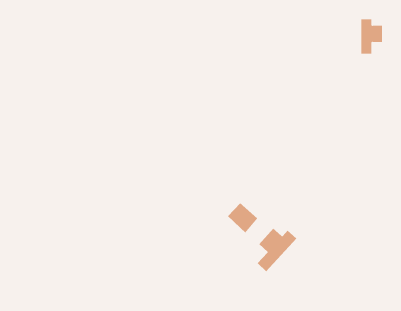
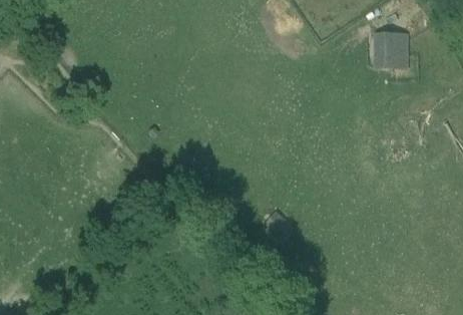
building: [257,228,297,272] -> none

